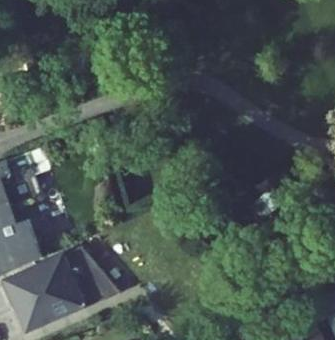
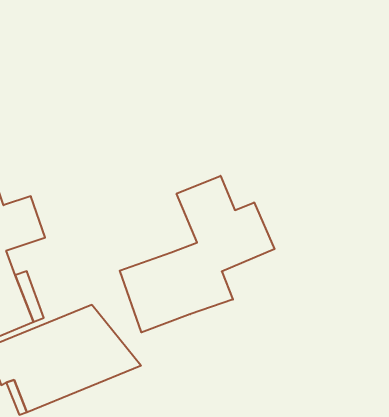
building: none -> [120,176,275,332]

